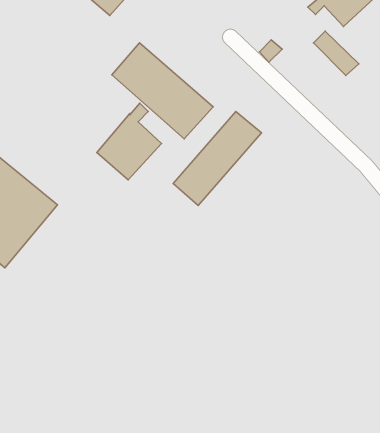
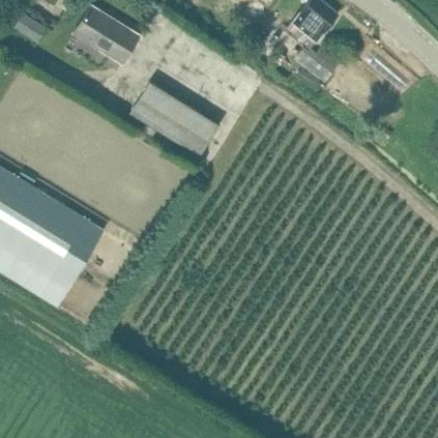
building: [97,103,162,180] -> none
building: [173,111,262,205] -> none

